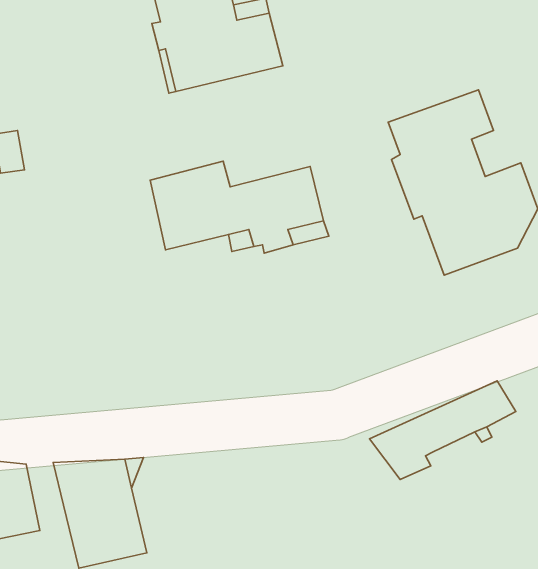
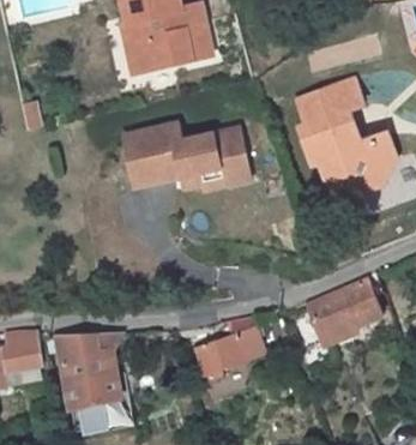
building: none -> [200,319,259,374]

